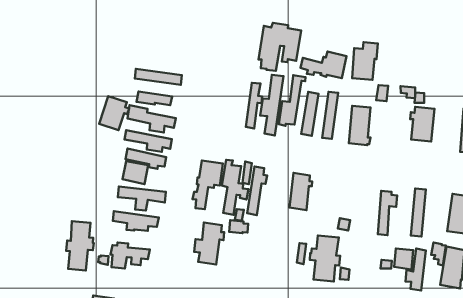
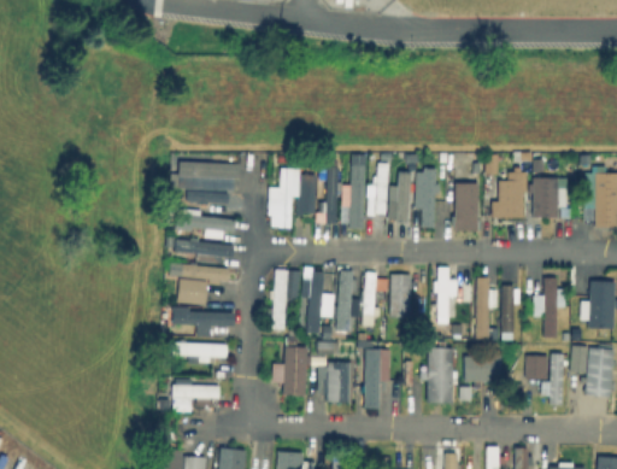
building: [259,23,301,71] -> [268,169,317,228]
building: [352,42,378,80] -> [498,172,527,218]
building: [300,52,346,78] -> none
building: [99,96,129,130] -> none
building: none -> [364,272,389,316]
building: none -> [433,266,458,317]
building: none -> [475,277,498,339]
building: [66,221,94,270] -> none
building: none -> [364,341,390,409]
building: none -> [317,363,352,403]
building: none -> [464,356,501,388]

